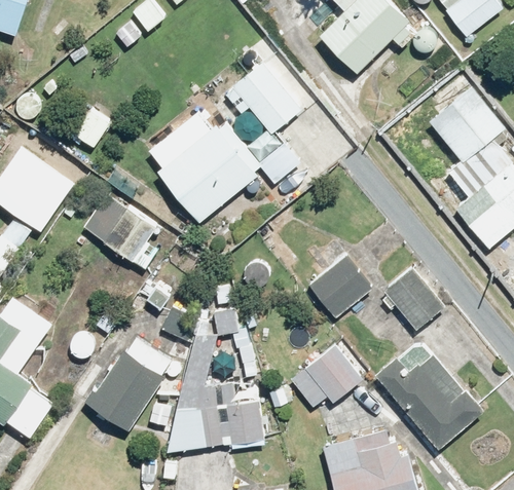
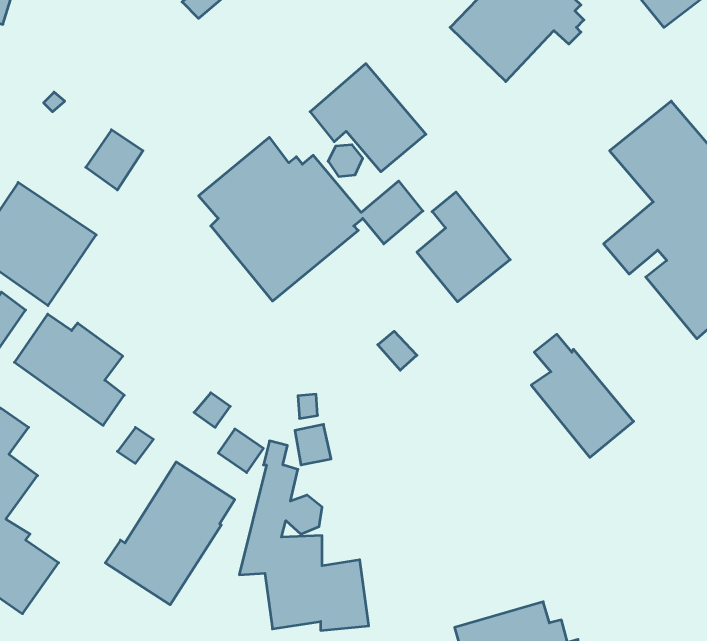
building: [84,196,159,272] -> [14,314,124,425]
building: [307,243,371,318] -> [417,192,510,302]
building: [375,339,484,451] -> none
building: [305,345,362,403] -> none

